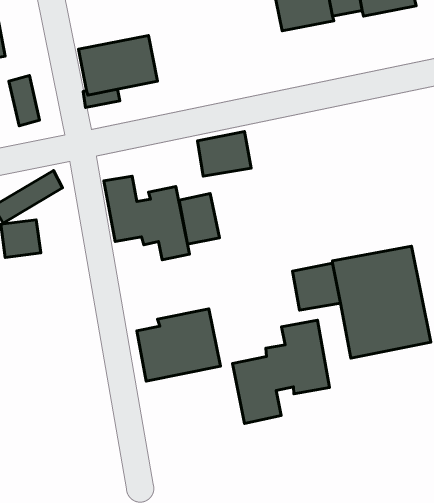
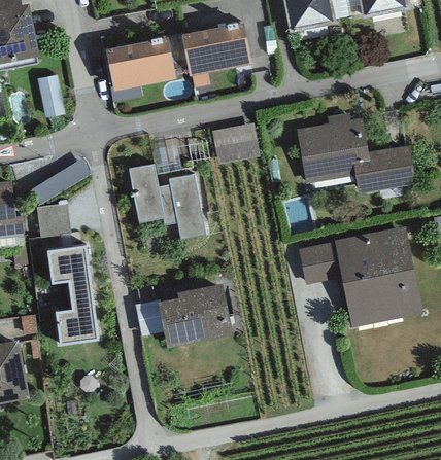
building: none -> [180,22,250,75]
building: none -> [296,112,415,192]
building: [179,193,220,244] -> none
building: none -> [46,245,98,344]
building: [233,320,330,424] -> none

